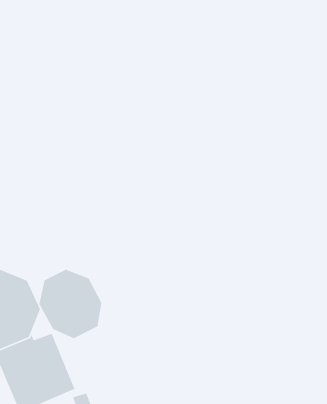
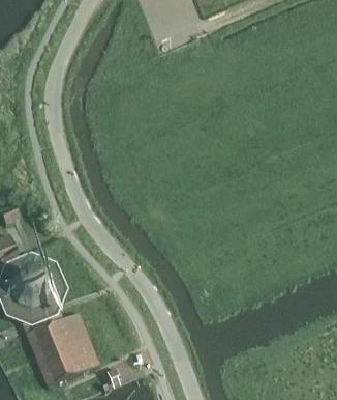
building: [39,269,102,339] -> none

